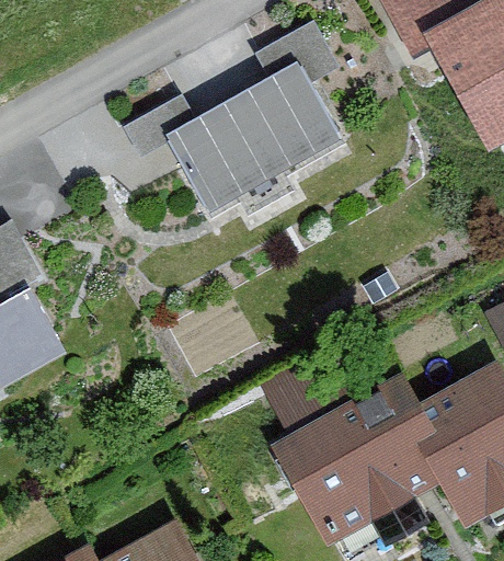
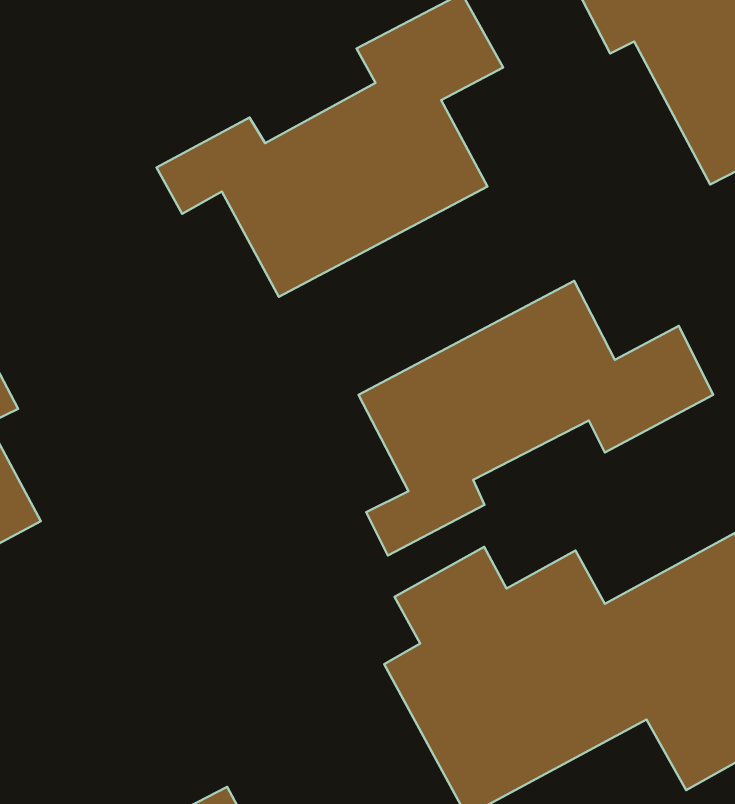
building: none -> [359,281,713,555]

